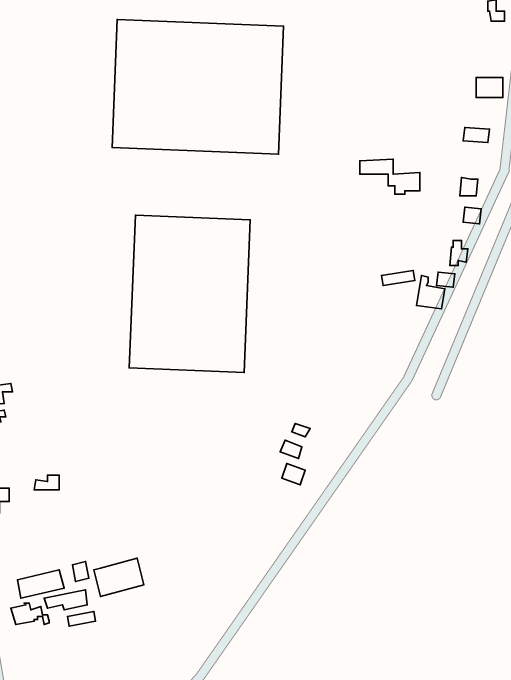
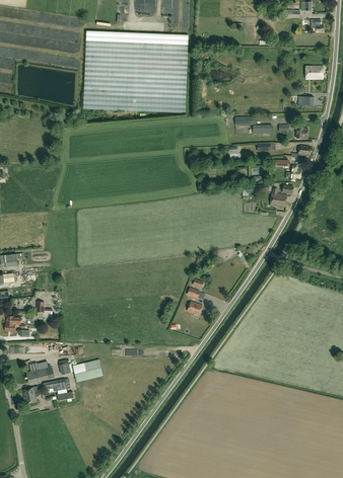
building: [129,215,250,373] -> none

